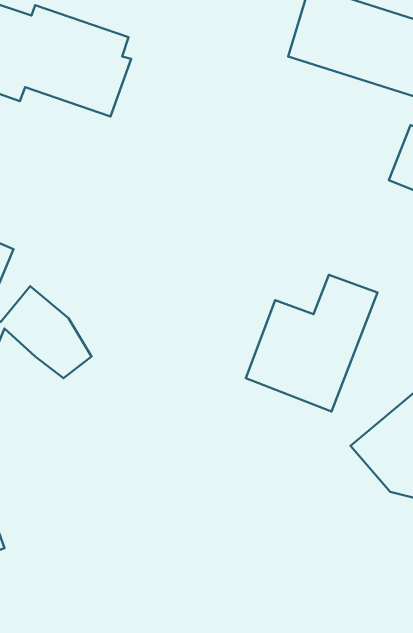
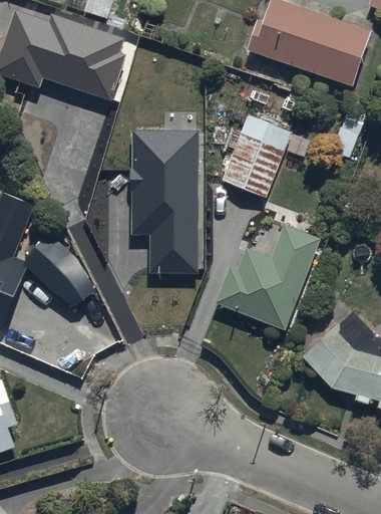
building: none -> [221,114,292,197]
building: none -> [130,128,200,272]

